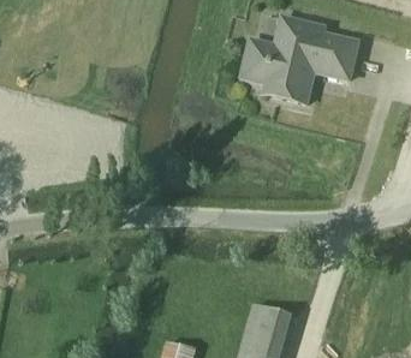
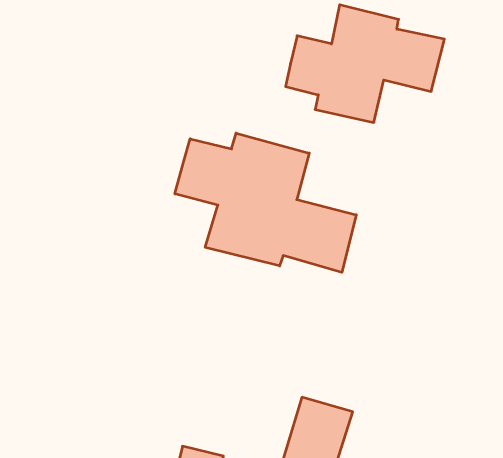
building: none -> [175,133,356,272]

